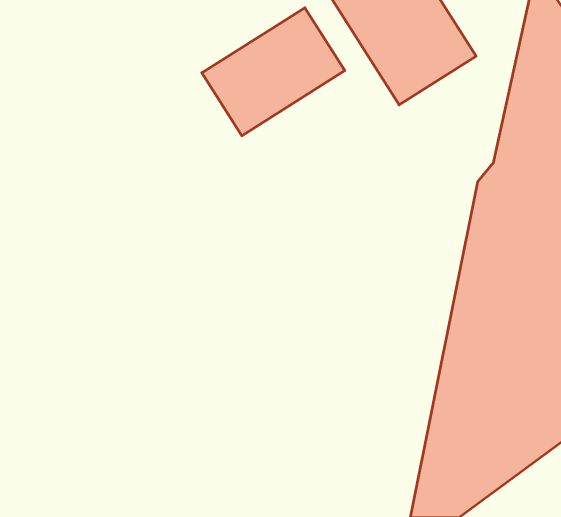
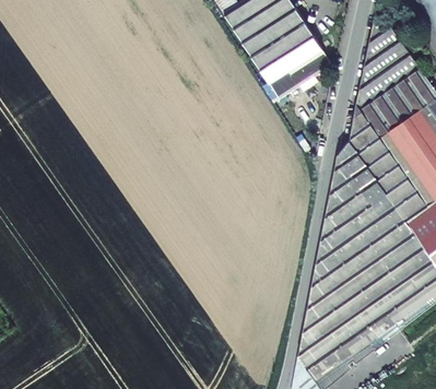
building: [202,8,345,136] -> none

